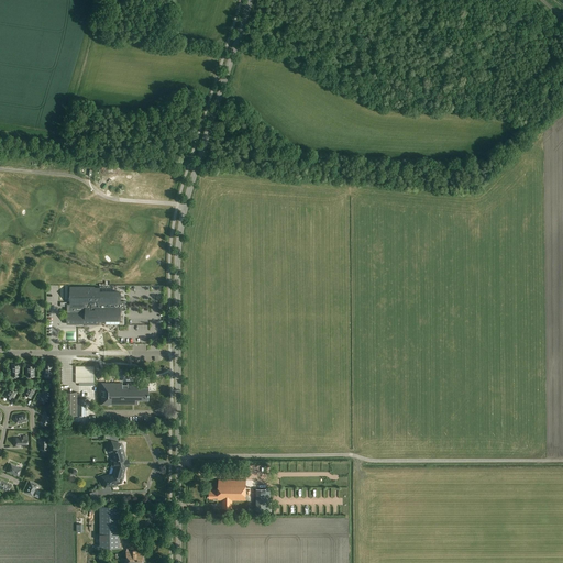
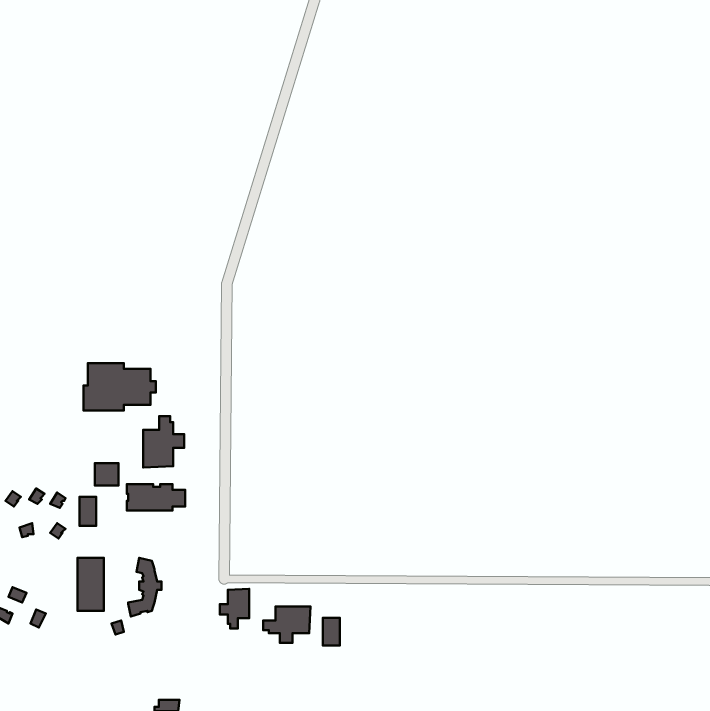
building: none -> [143,416,184,468]
building: none -> [220,589,249,629]
building: [98,506,119,548] -> [77,558,104,611]

